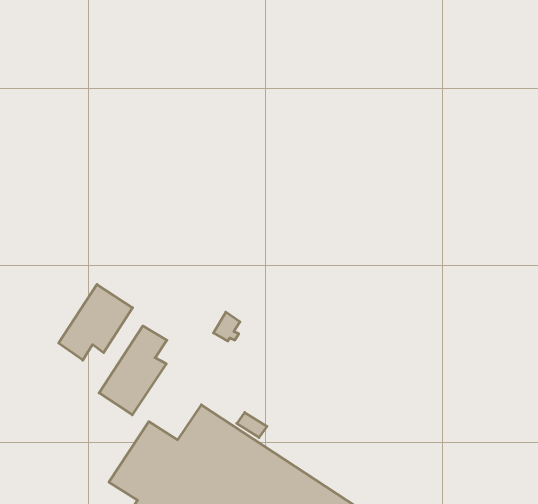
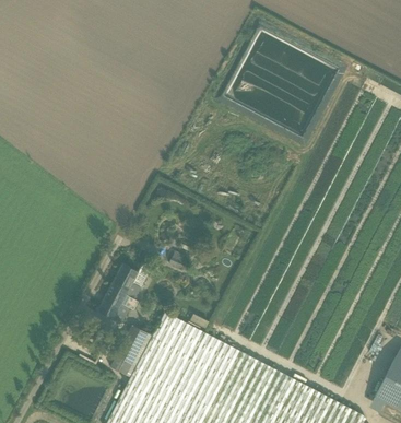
building: [59,284,133,360] -> none

